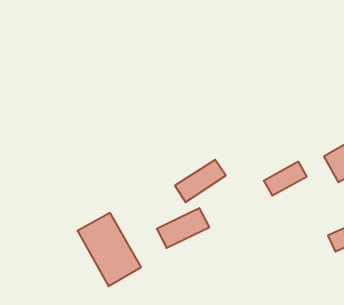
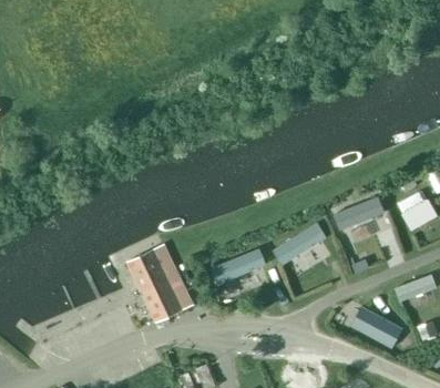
building: [175,160,226,202] -> [273,222,328,265]
building: none -> [349,304,402,347]

